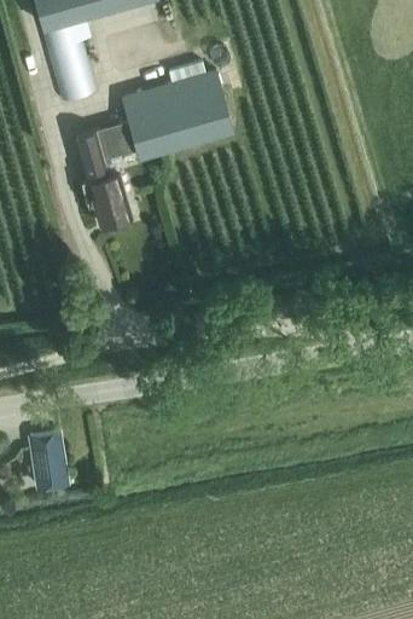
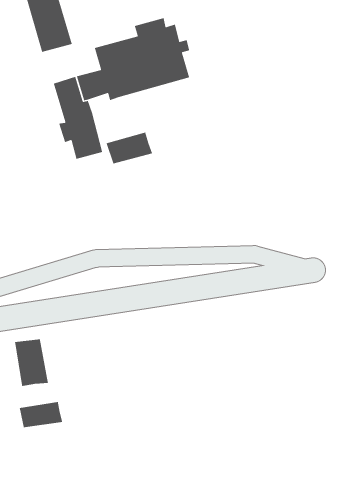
building: none -> [106,131,153,164]
building: none -> [19,401,63,428]

